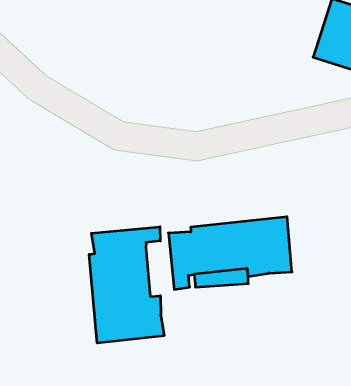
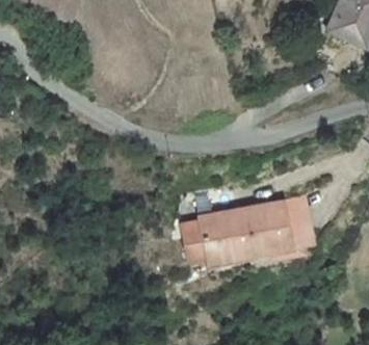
building: none -> [272,186,313,254]
building: [89,227,164,343] -> none

